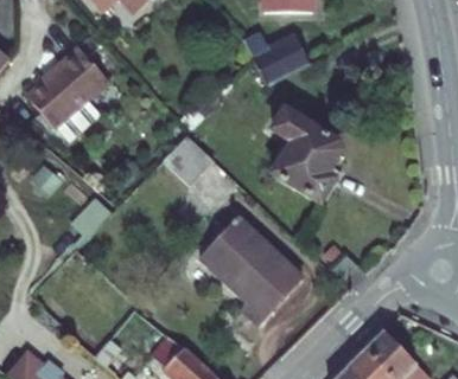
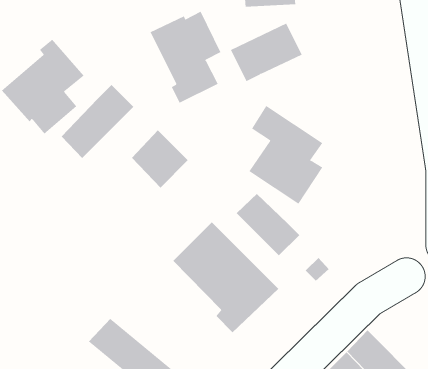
building: none -> [150,11,221,103]
building: none -> [61,84,134,159]
building: none -> [236,193,300,256]

